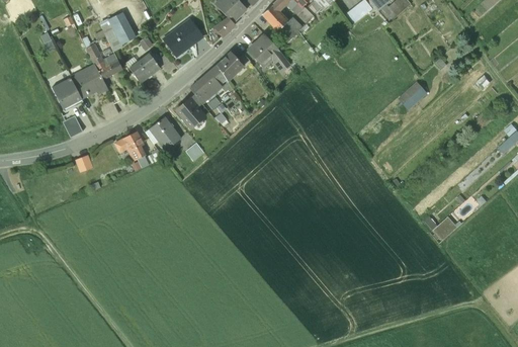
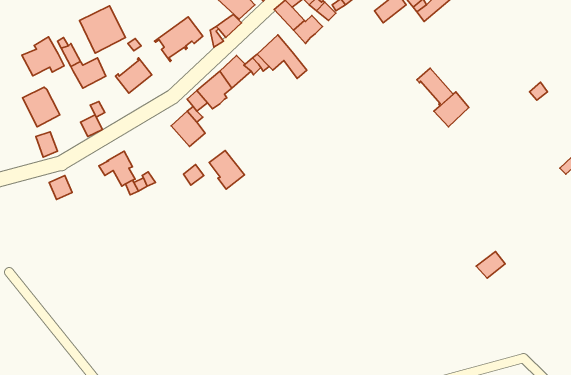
building: none -> [417,68,453,106]
building: [72,65,107,97] -> [22,37,64,76]
building: [152,117,181,150] -> [209,150,244,189]

